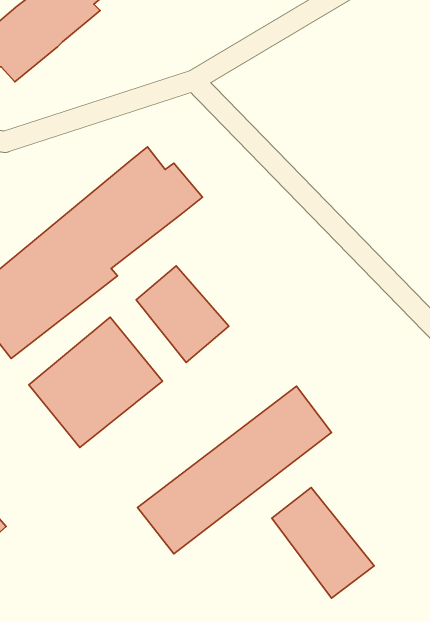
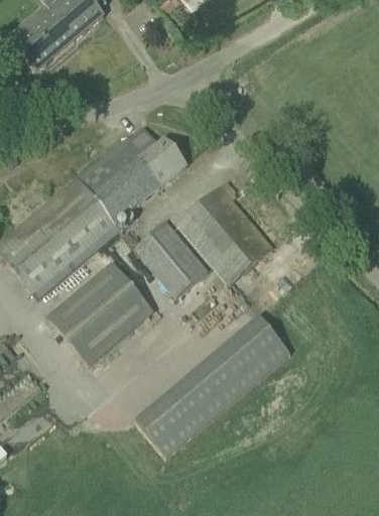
building: none -> [178,185,273,282]
building: [272,487,374,598] -> none

